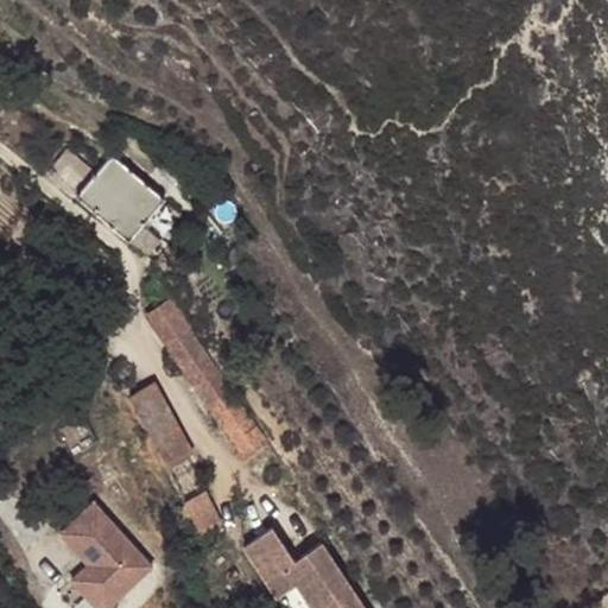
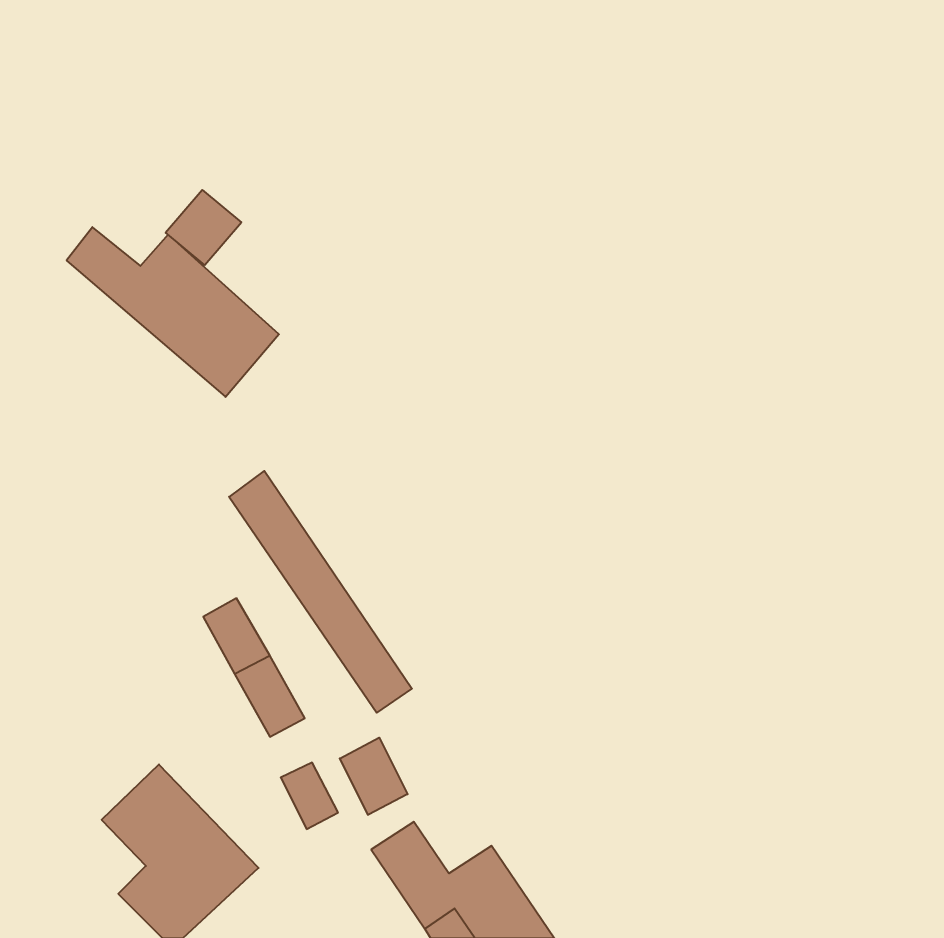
building: none -> [166,190,241,265]
building: none -> [340,738,408,815]

